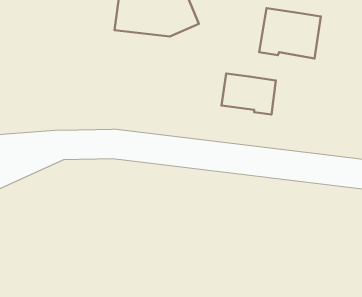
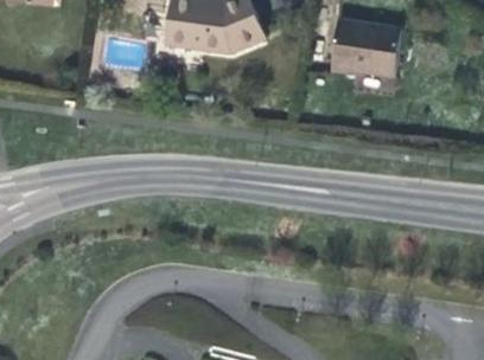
building: [221,73,276,115] -> none

